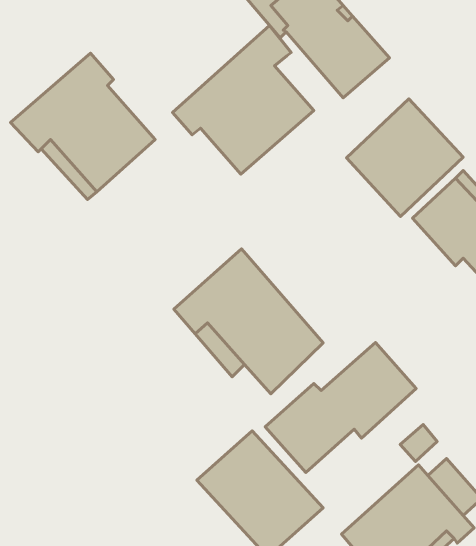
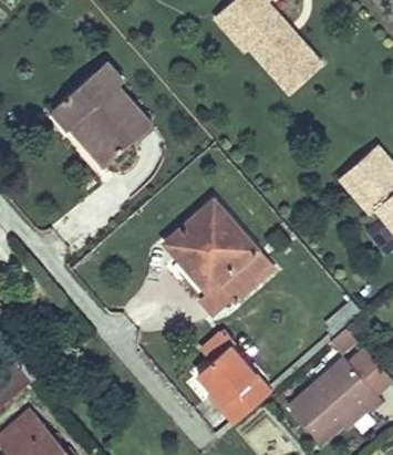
building: [172,25,314,174] -> none
building: [346,99,463,216] -> none
building: [265,343,416,473] -> none

